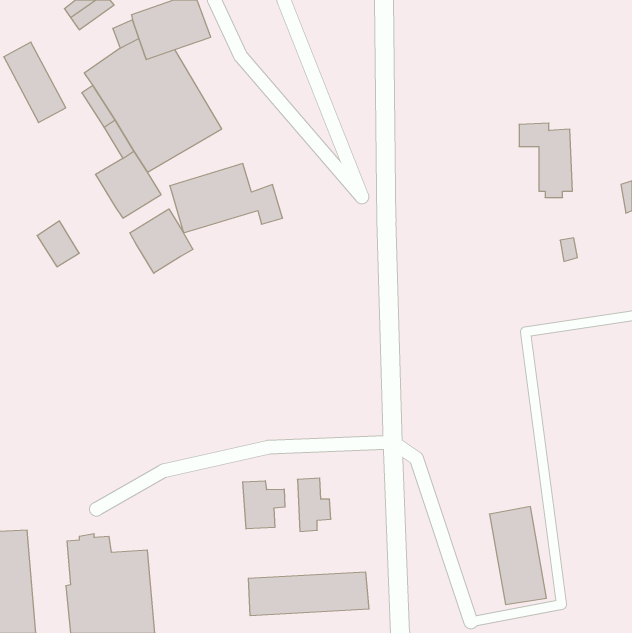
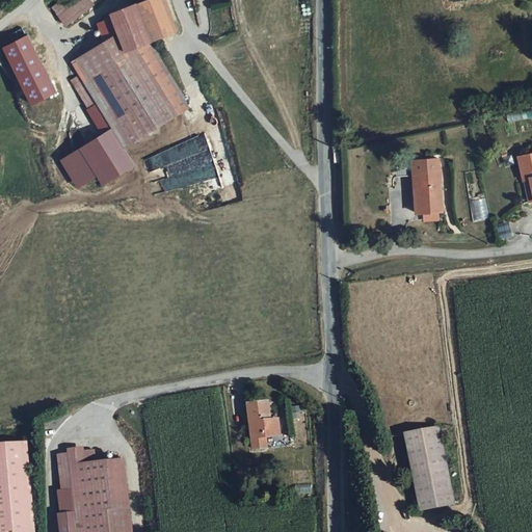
building: [519,123,572,197] -> [396,155,441,217]
building: [130,209,193,273] -> none
building: [37,221,79,267] -> [61,147,97,185]
building: [243,481,285,529] -> none
building: [248,572,369,616] -> none

